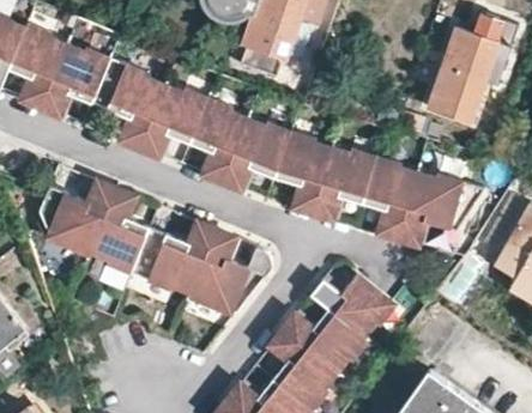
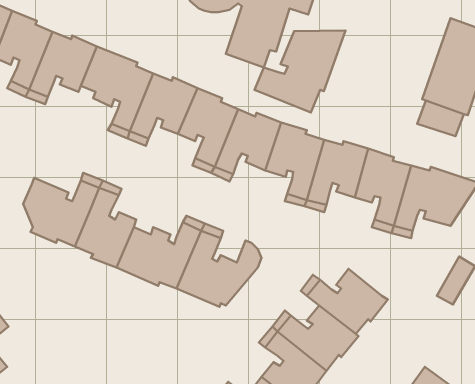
building: none -> [254,31,346,112]

